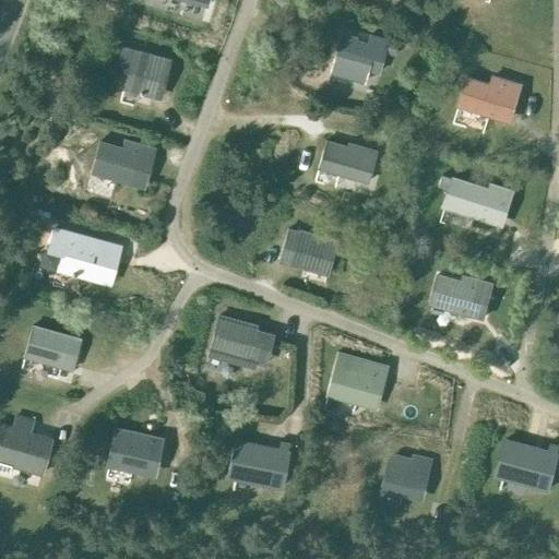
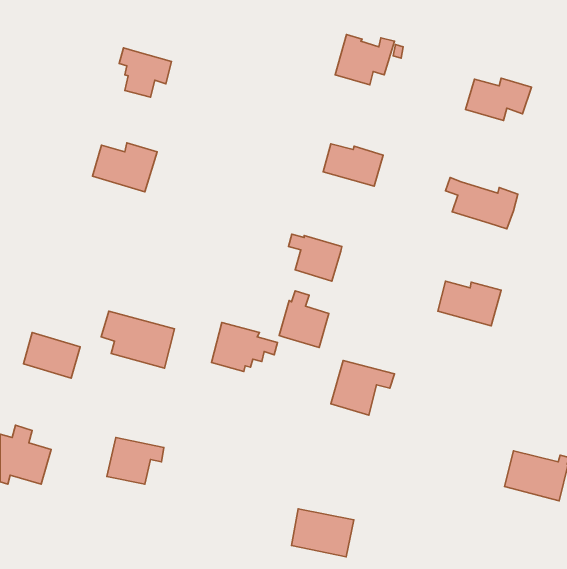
building: [48,229,120,285] -> [101,311,175,368]
building: none -> [279,291,329,347]
building: [228,442,289,489] -> [291,509,354,557]
building: [382,455,433,500] -> none

